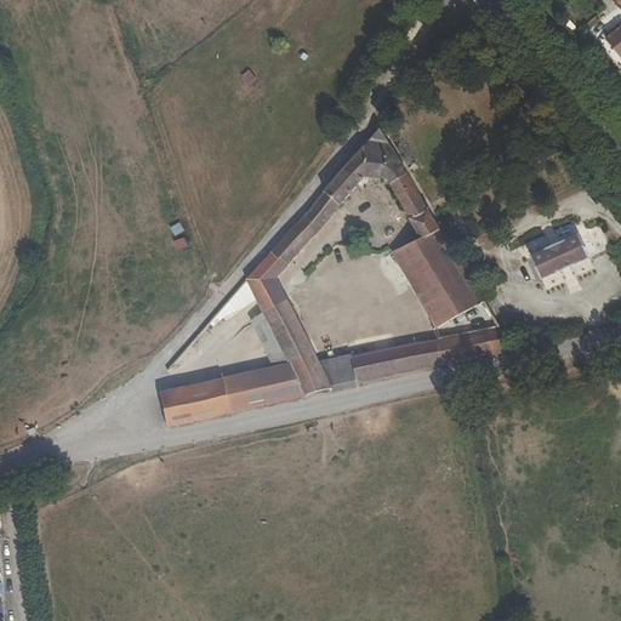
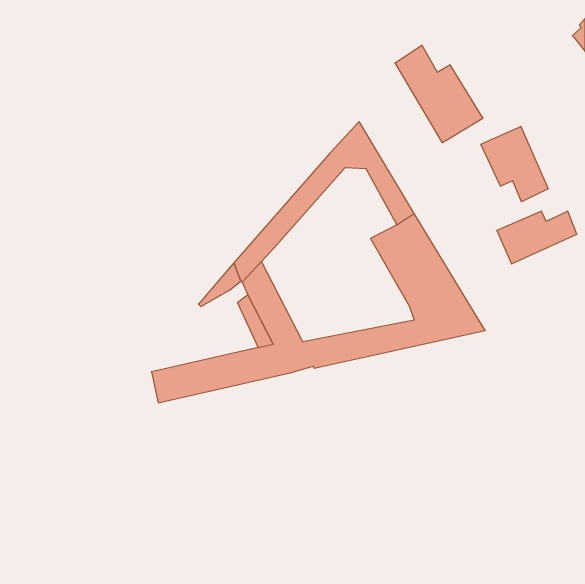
building: none -> [395,45,483,143]
building: none -> [481,126,548,202]

